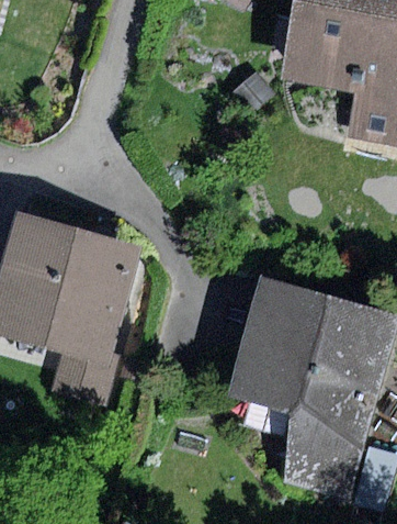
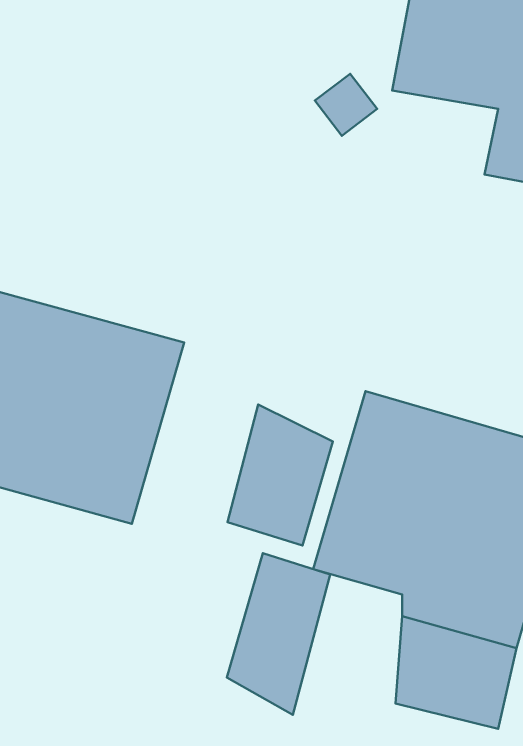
building: none -> [228,405,333,545]
building: none -> [227,553,330,715]

